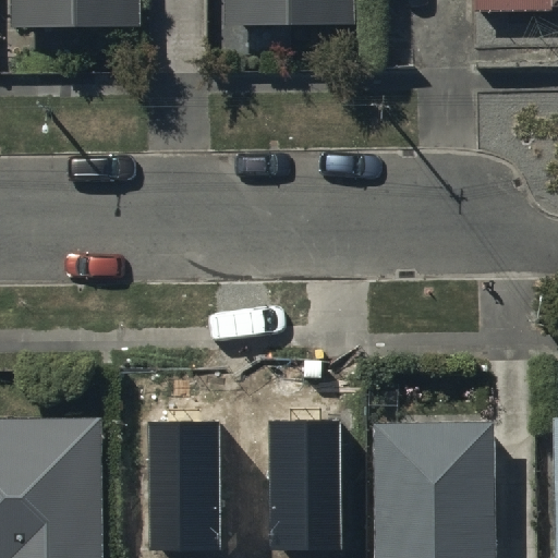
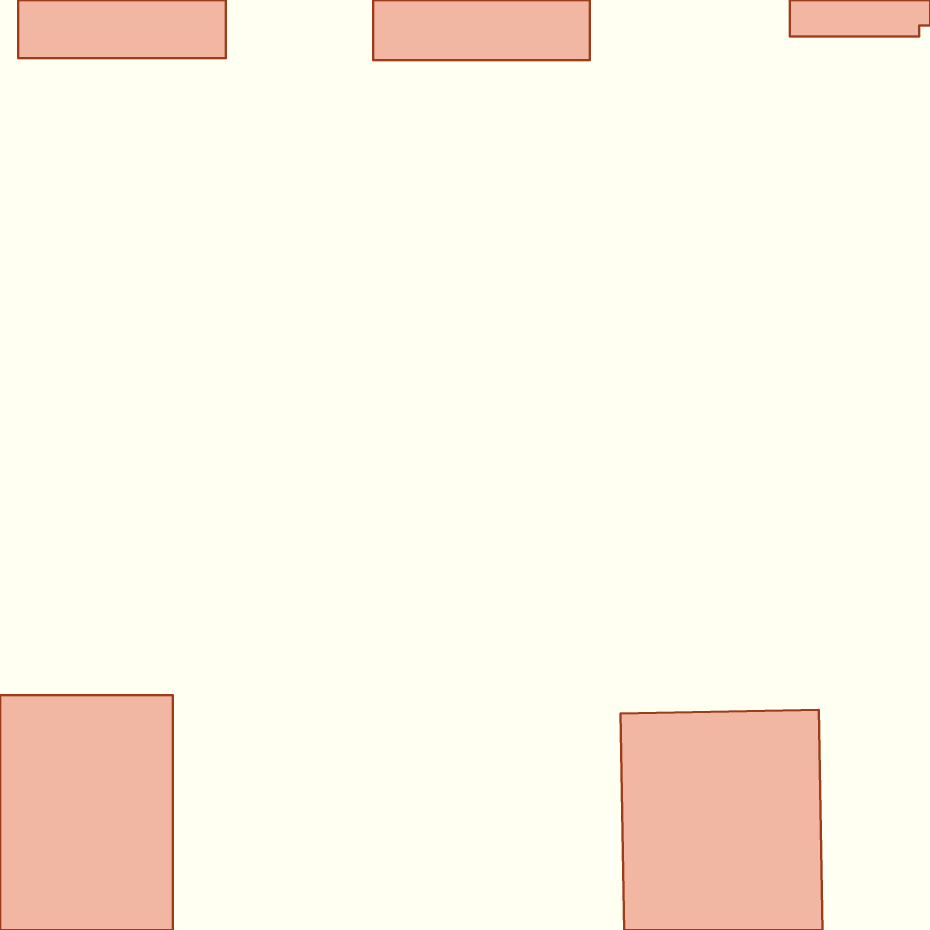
building: [269,421,341,549] -> none
building: [147,423,222,550] -> none

